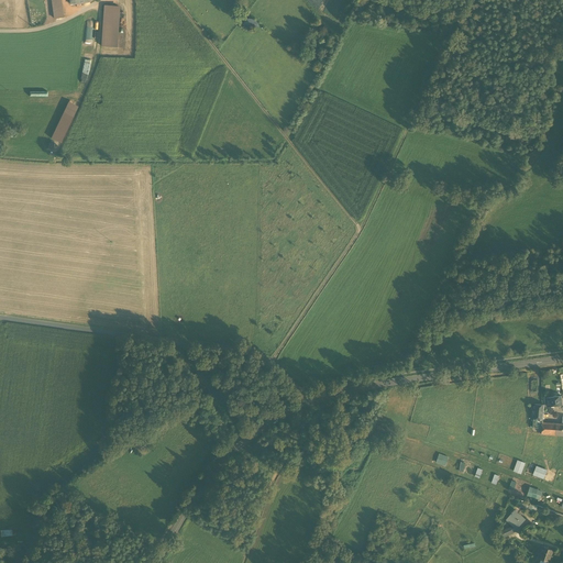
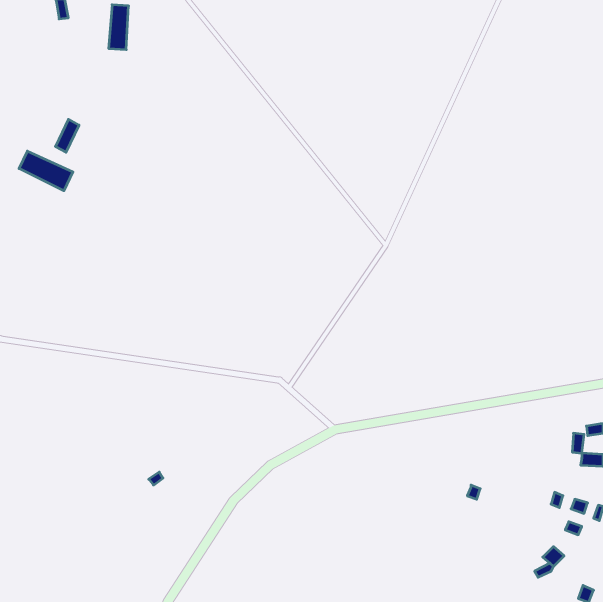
building: none -> [19,151,73,191]

